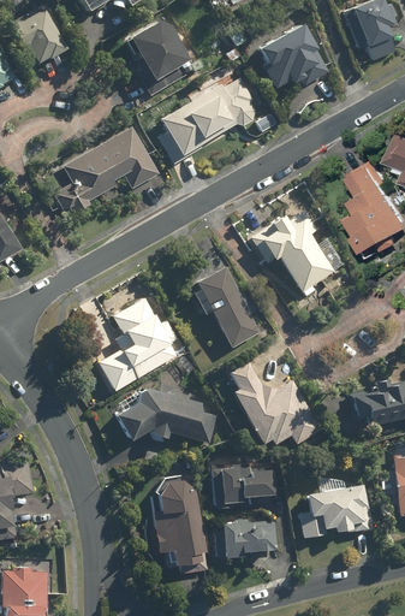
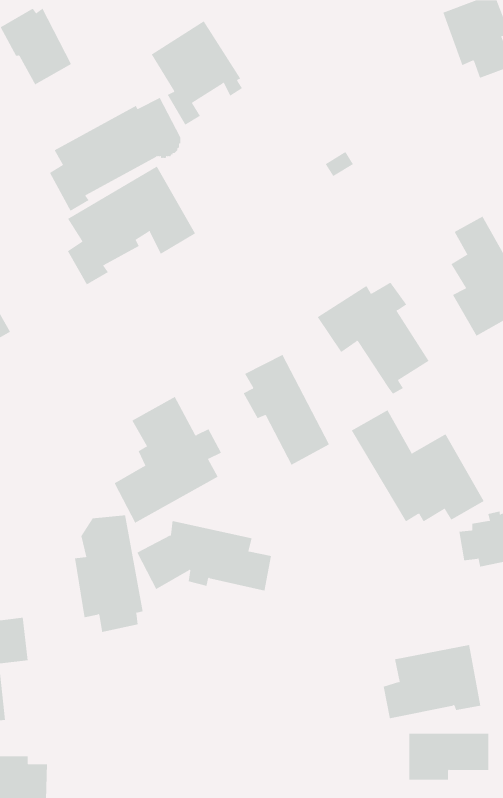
building: [258,23,328,89] -> none
building: [156,79,255,165] -> [49,97,181,212]
building: [220,362,320,446] -> [351,409,485,522]
building: [214,464,274,511] -> none
building: [154,479,206,567] -> [74,515,143,632]
building: [214,522,274,557] -> [409,733,489,780]

